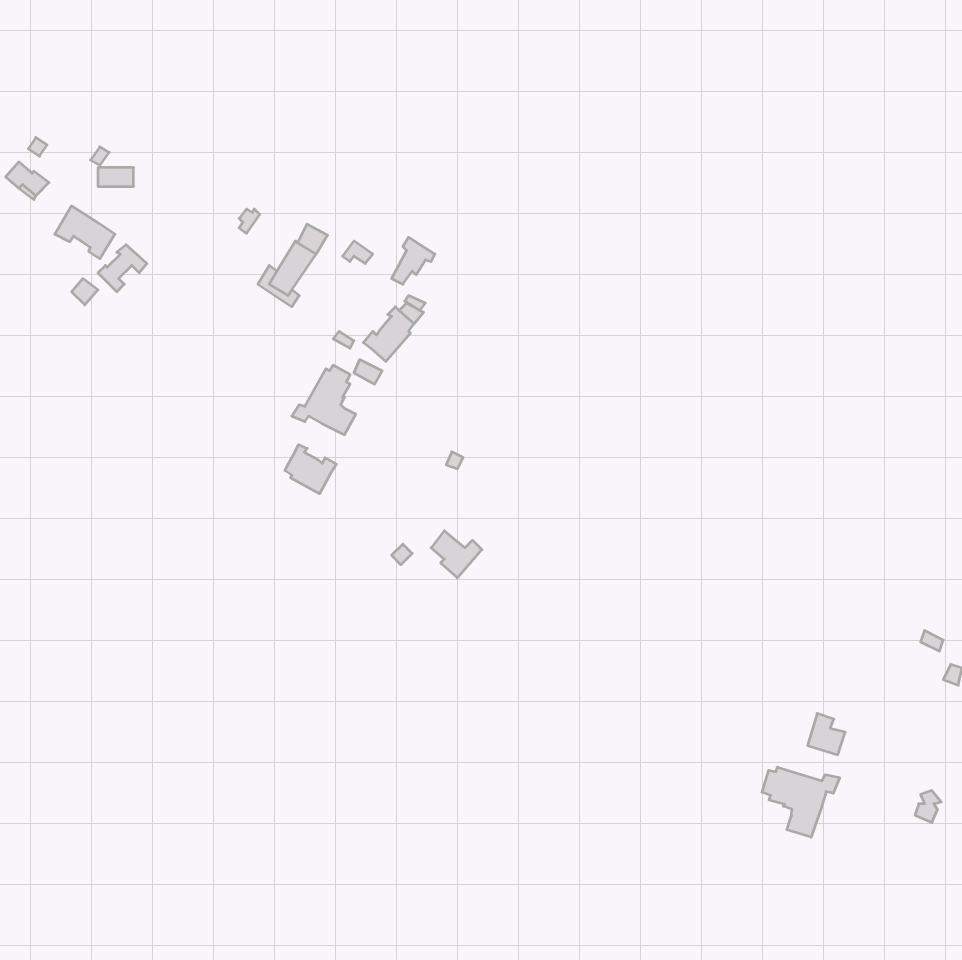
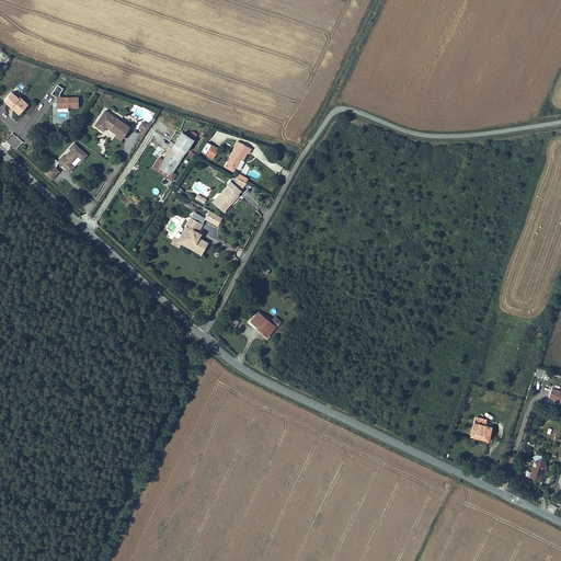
building: [55,206,115,259] -> [95,112,130,142]
building: [285,445,336,494] -> none
building: [762,767,840,837] -> none

